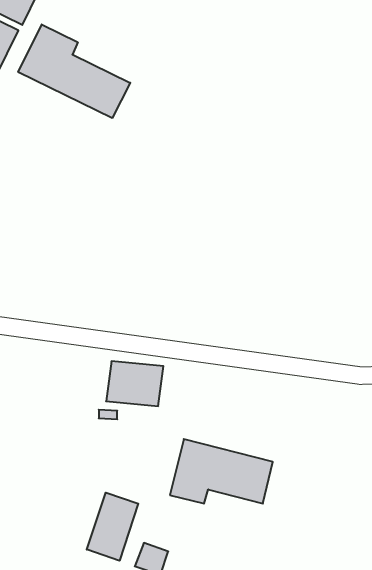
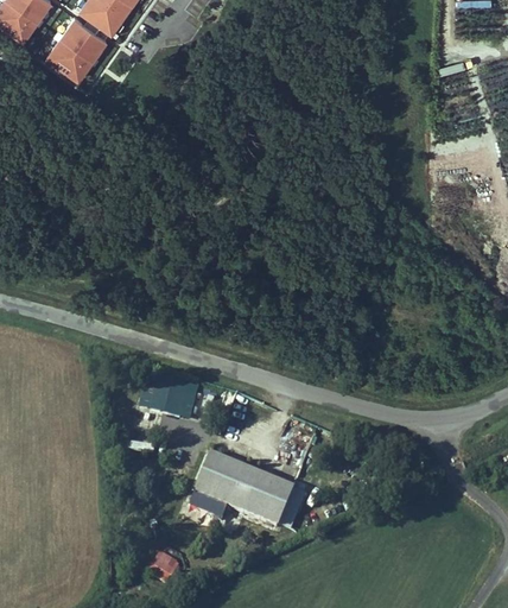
building: [18,24,130,118] -> none
building: [87,493,138,561] -> none

